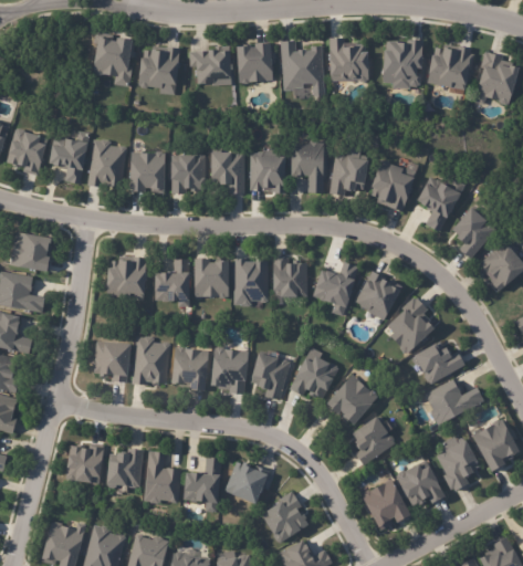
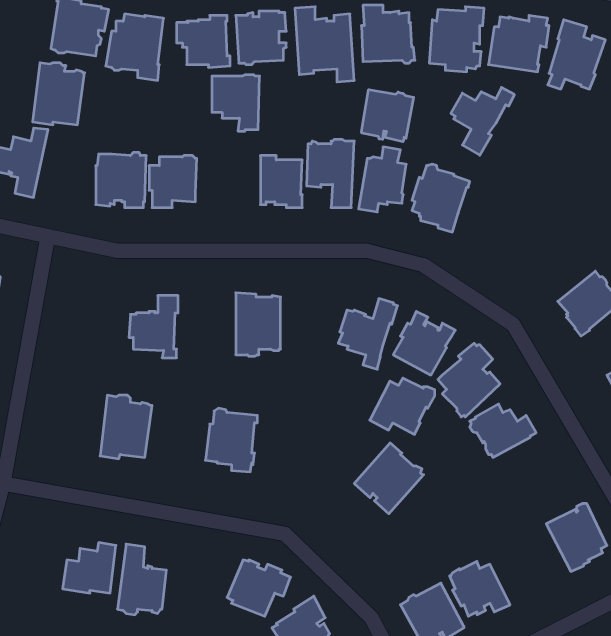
building: none -> [362,90,414,142]
building: [86,139,126,187] -> [33,63,85,125]
building: [209,150,245,193] -> [212,75,260,131]
building: [417,179,466,231] -> [451,87,514,155]
building: [451,209,496,260] -> none
building: [106,256,148,300] -> none
building: [196,259,231,297] -> none
building: [272,259,308,298] -> none
building: [93,342,128,384] -> none
building: [169,346,207,391] -> none
building: [250,353,292,400] -> none
building: [289,356,338,399] -> [370,378,435,434]
building: [427,379,485,424] -> none
building: [354,417,396,465] -> none
building: [439,439,479,489] -> none
building: [64,446,103,484] -> none
building: [184,457,221,512] -> none

